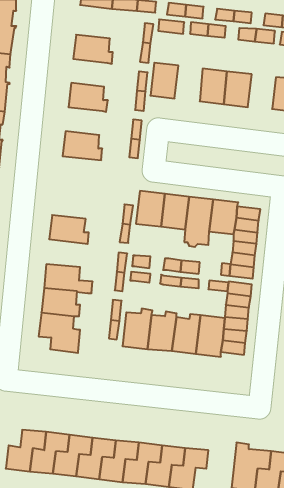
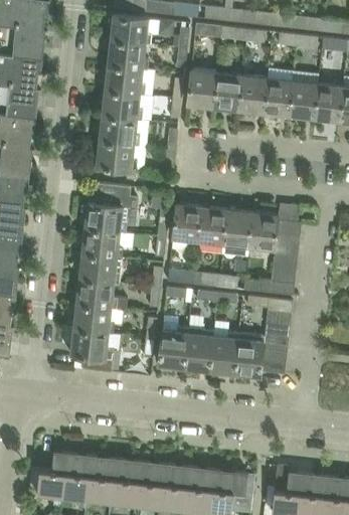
building: none -> [110,14,159,44]
building: none -> [105,65,145,95]
building: none -> [212,72,241,110]
building: none -> [289,81,318,118]
building: none -> [99,116,140,146]
building: none -> [84,184,137,233]
building: none -> [78,253,122,284]

